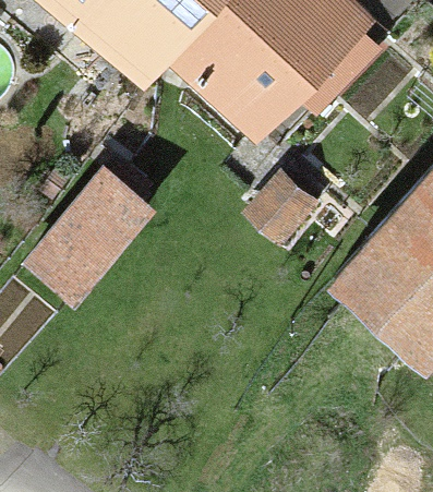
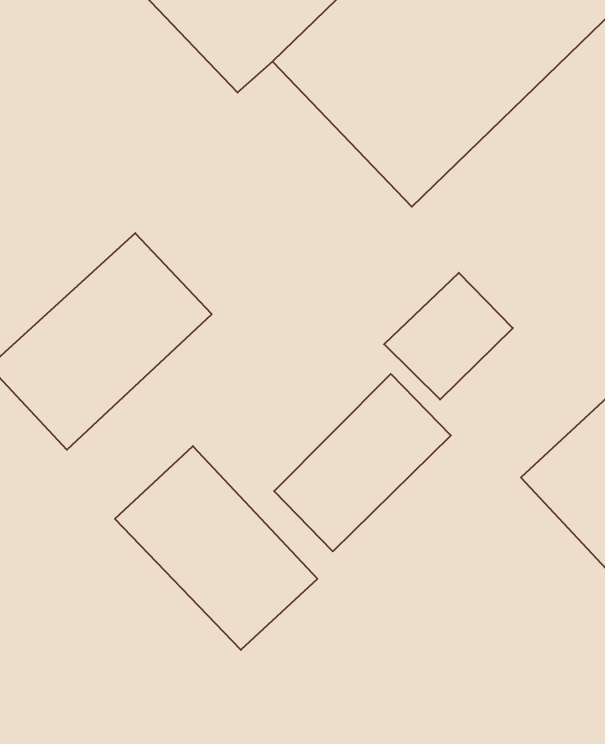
building: none -> [274,374,451,551]
building: none -> [115,446,317,650]

